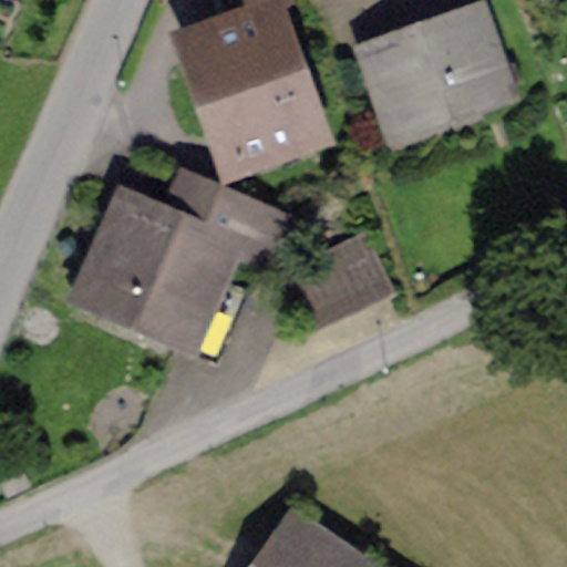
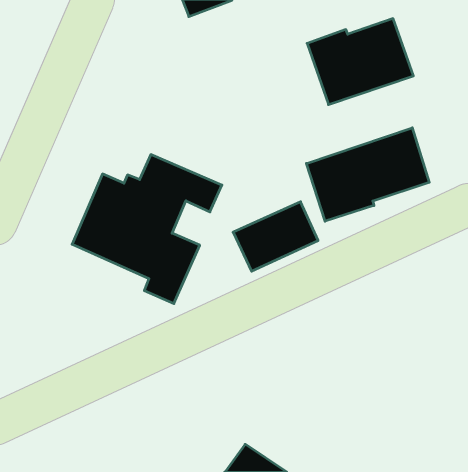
building: [192,21,302,161] -> none
building: none -> [306,128,429,221]

